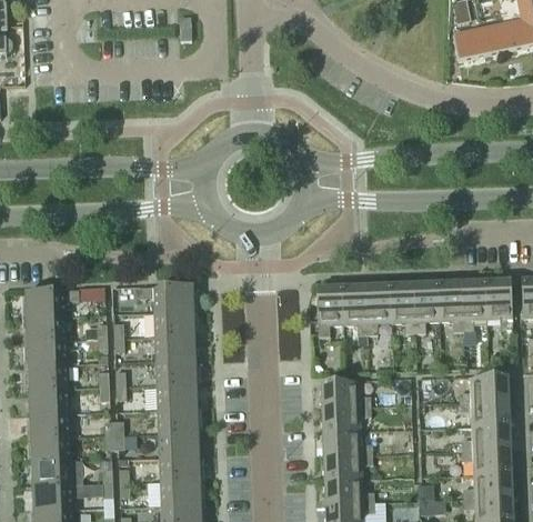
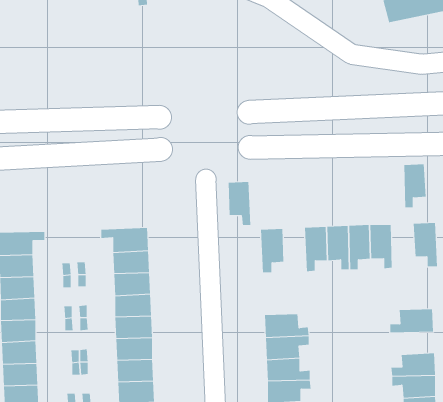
building: [462,280,487,329] -> [403,164,426,208]
building: [342,284,368,333] -> [228,181,251,226]
building: [460,400,510,425] -> none

